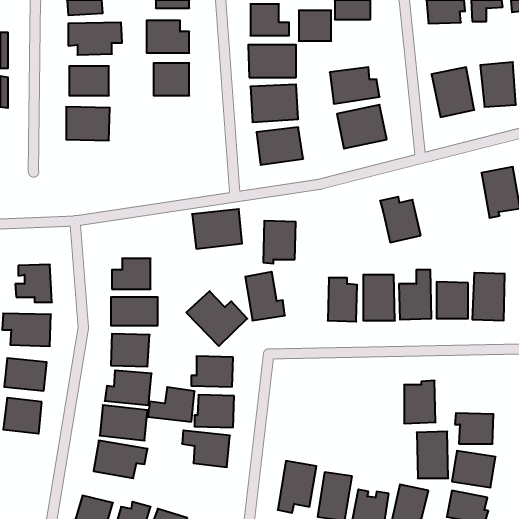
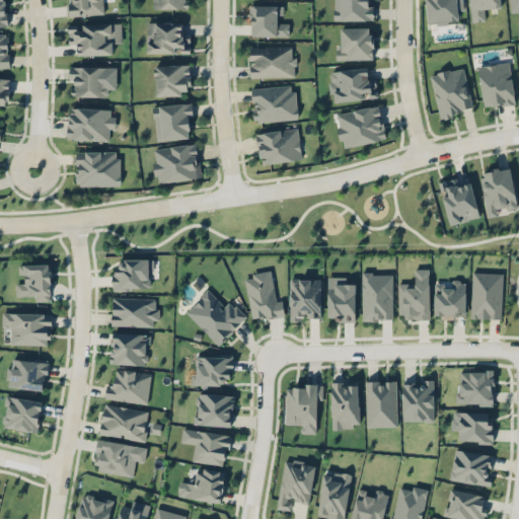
building: [299,10,331,41] -> [338,27,370,58]
building: none -> [154,103,194,140]
building: none -> [76,151,121,187]
building: [380,197,421,242] -> [440,179,480,225]
building: [192,209,242,249] -> [151,143,201,182]
building: [263,221,296,264] -> [290,280,322,322]
building: none -> [456,372,495,405]
building: none -> [331,382,361,429]
building: none -> [286,386,319,434]
building: [148,387,195,422] -> [178,468,225,503]
building: [417,431,448,478] -> [367,381,398,428]

